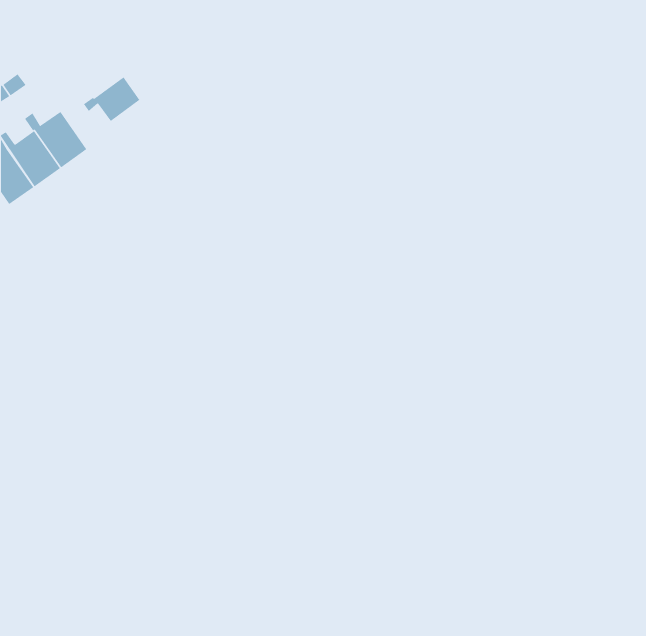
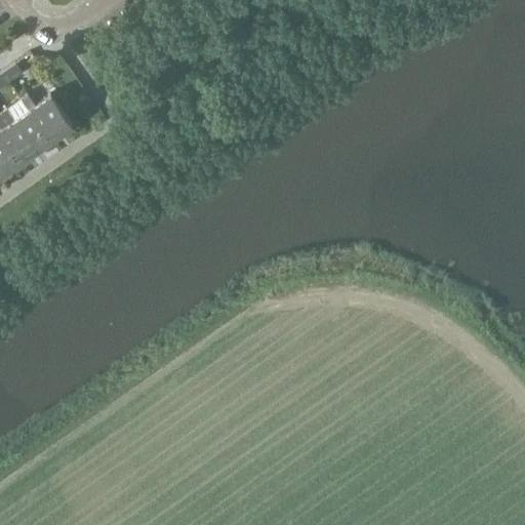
building: [83,77,140,122] -> none

